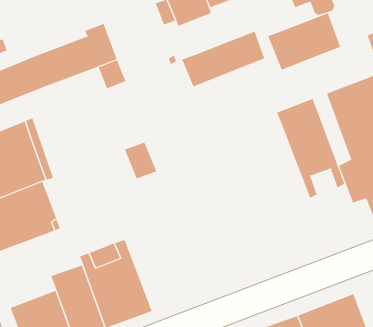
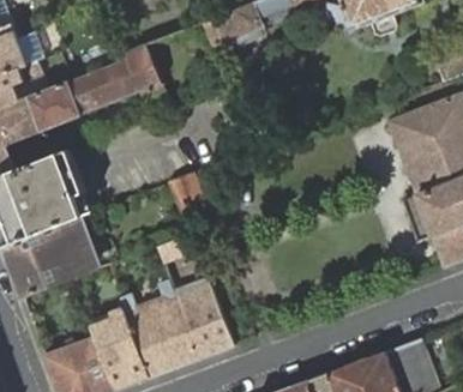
building: [267,12,341,71] -> none
building: [181,31,265,87] -> none
building: [276,98,345,198] -> none
building: none -> [156,239,232,357]

